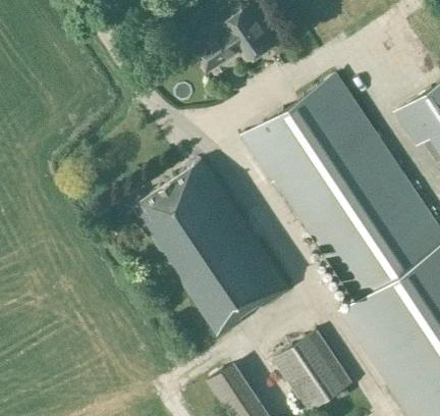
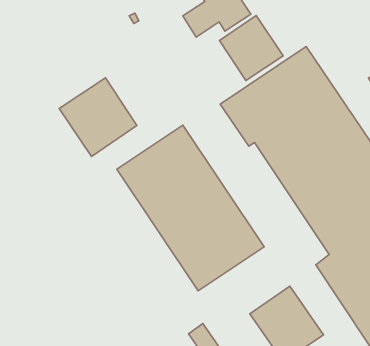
building: none -> [220,15,283,81]
building: none -> [59,78,137,157]

